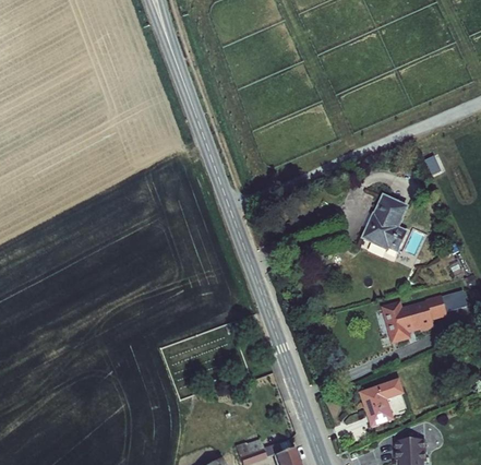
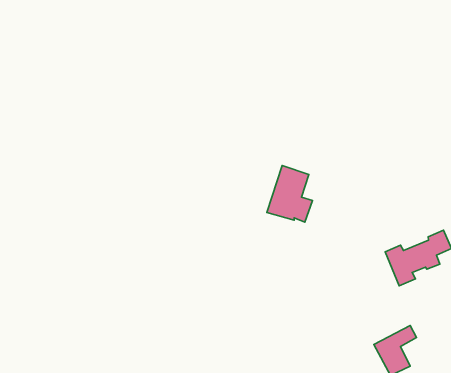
building: [363,195,408,252] -> [267,165,312,222]

